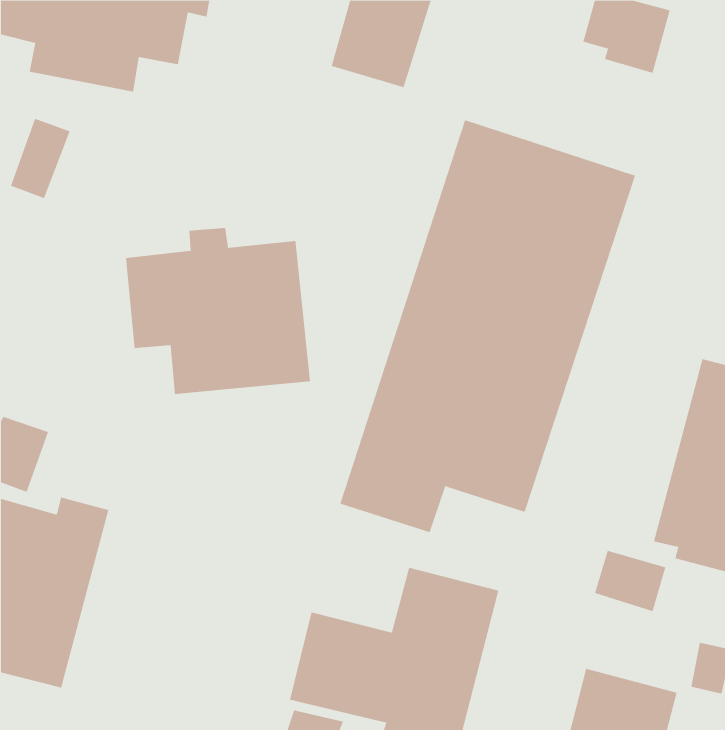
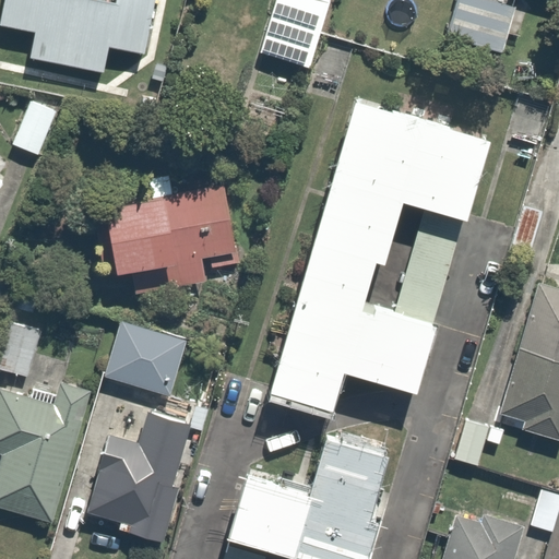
building: none -> [102,318,189,397]
building: none -> [86,412,189,539]

